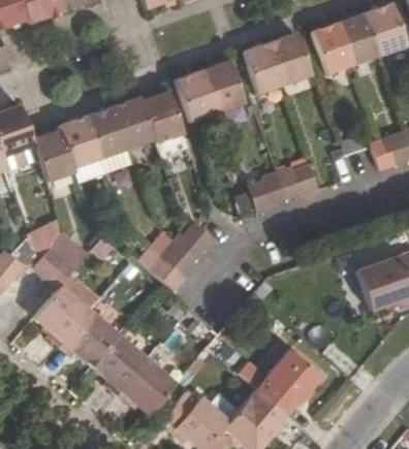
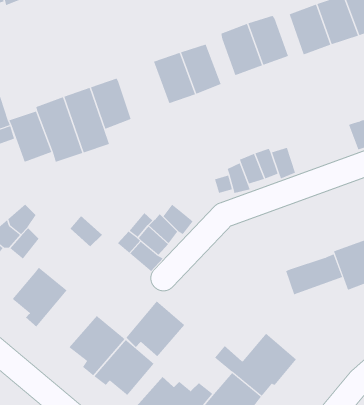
building: [143,90,189,155] -> none
building: [46,233,87,289] -> none
building: none -> [286,254,343,295]
building: [60,309,120,365] -> [125,300,185,357]

